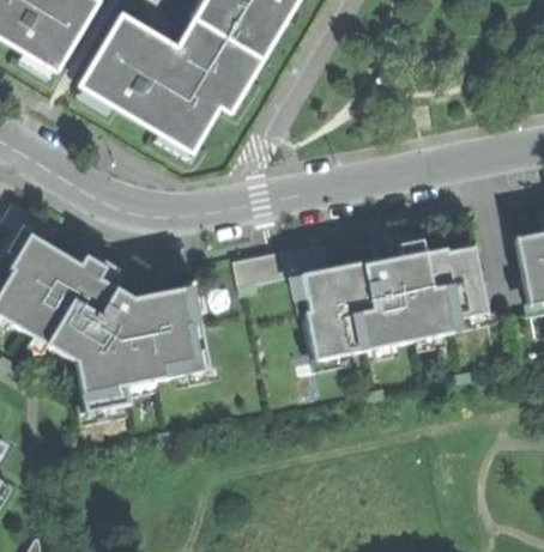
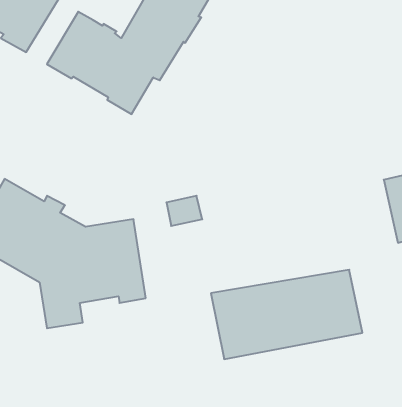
building: [297,242,490,356] -> [211,270,362,359]

